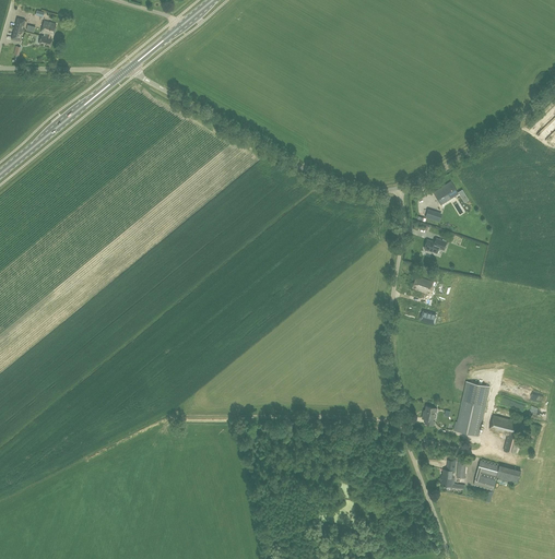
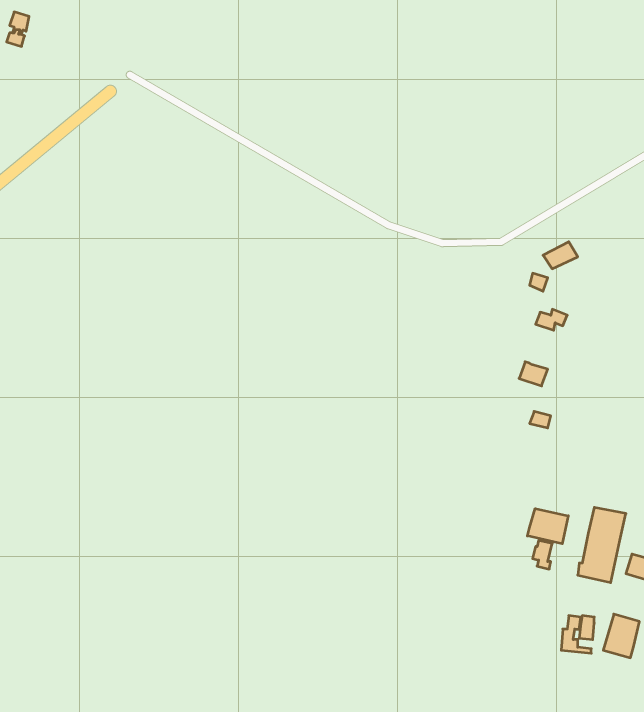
building: none -> [527,509,568,544]

